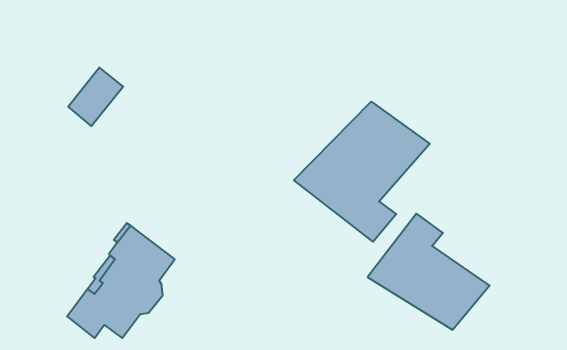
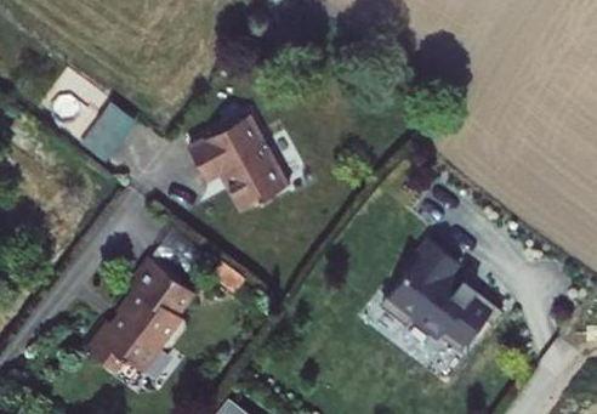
building: none -> [191,117,288,211]
building: [294,102,430,242] -> none

